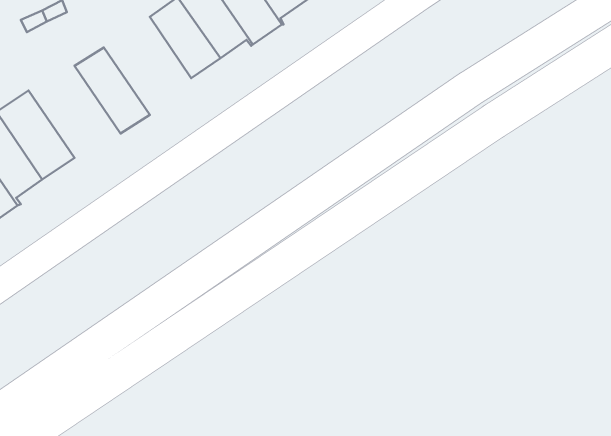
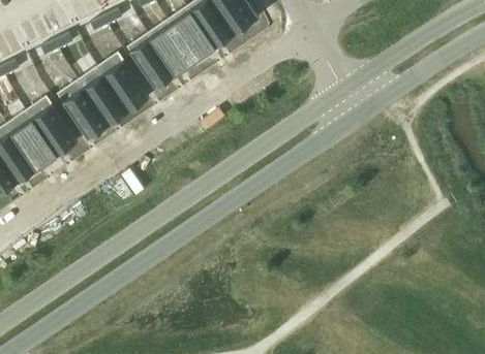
building: none -> [97,52,149,111]
building: none -> [57,78,109,138]

